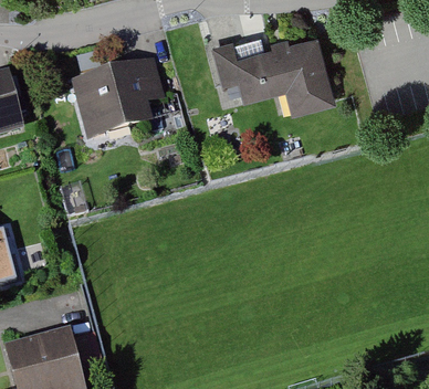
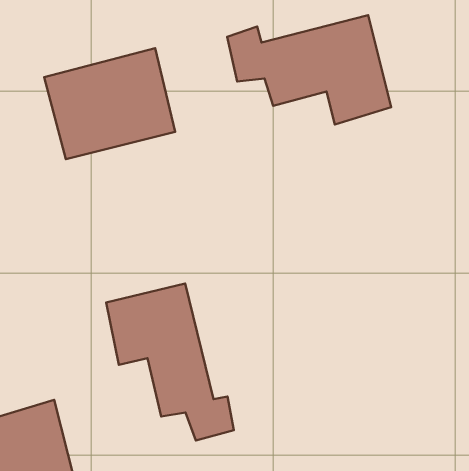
building: none -> [106,284,234,441]

